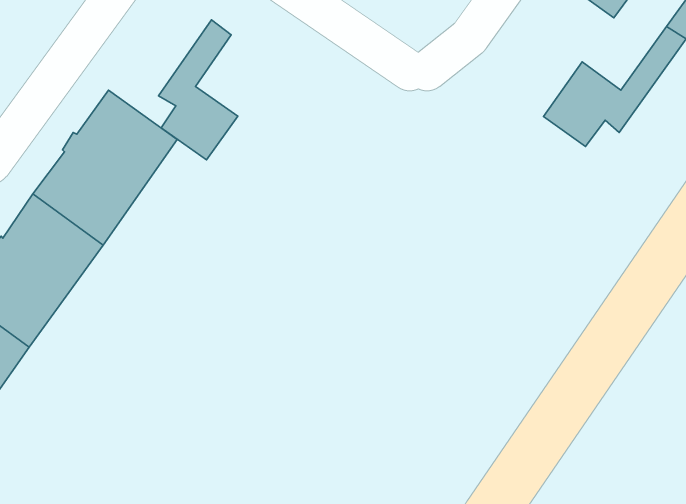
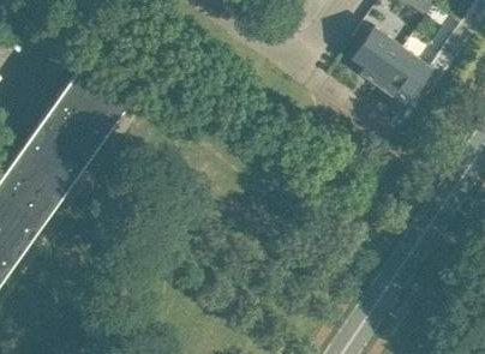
building: [159,20,238,160] -> none
building: none -> [352,28,402,84]

